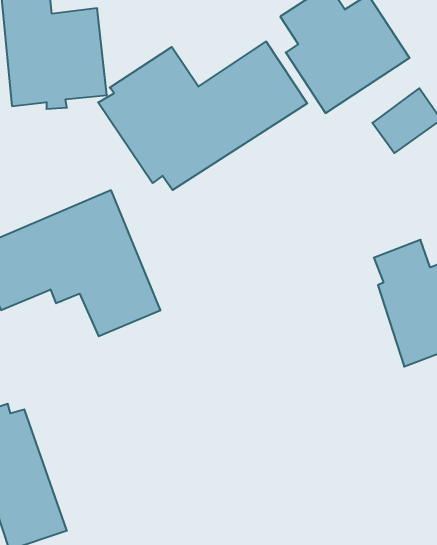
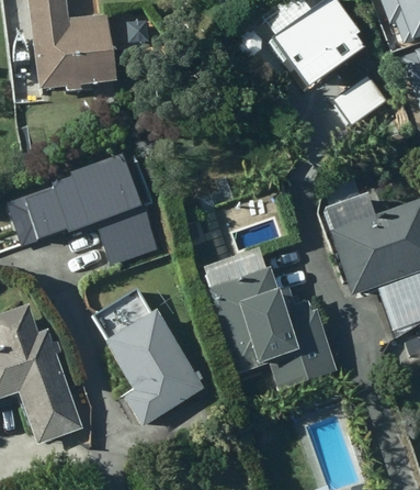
building: [98,41,307,190] -> none
building: none -> [204,247,339,390]
building: none -> [101,303,204,423]

